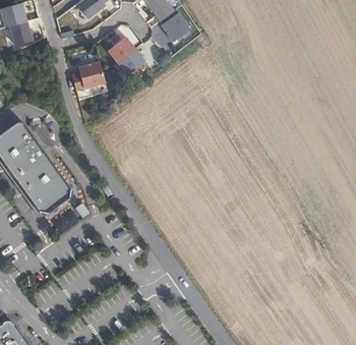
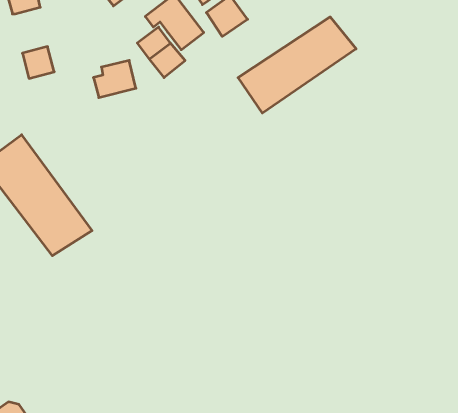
building: [12,20,37,45] -> [22,47,54,78]
building: none -> [238,17,356,113]

